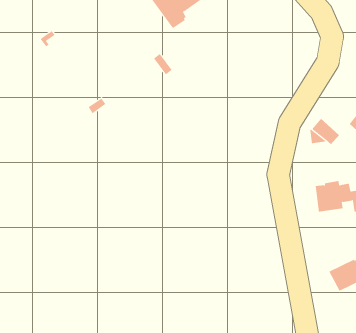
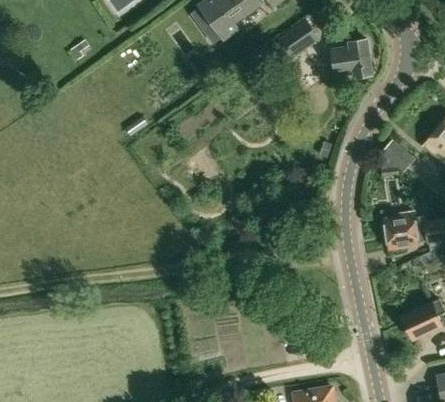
building: none -> [277,19,317,58]
building: none -> [330,39,372,76]

